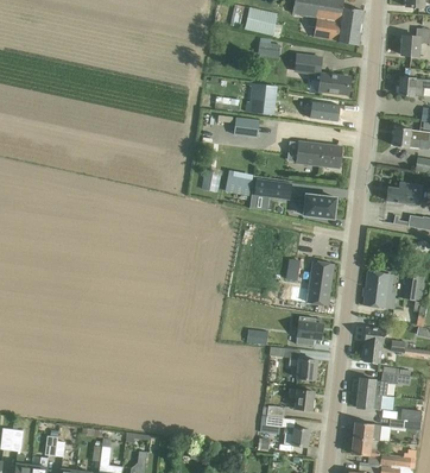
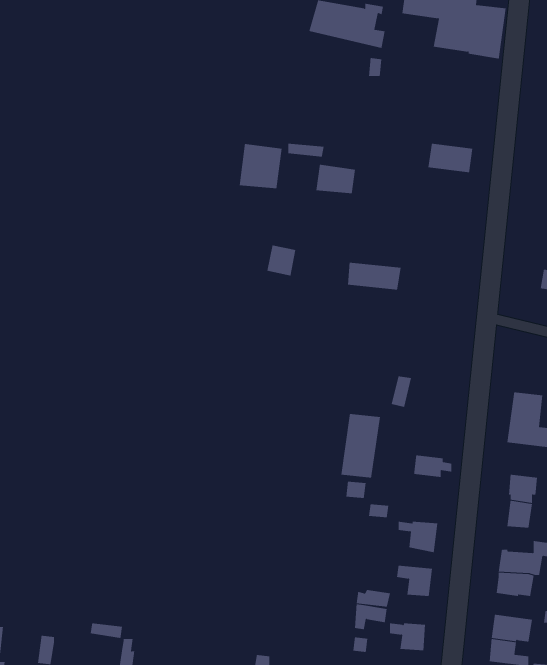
building: [293,55,350,94] -> none
building: [246,83,276,114] -> [239,143,283,189]
building: [297,143,342,169] -> none
building: [225,170,253,196] -> none
building: [306,197,337,219] -> none
building: [306,261,334,305] -> [340,413,381,478]

